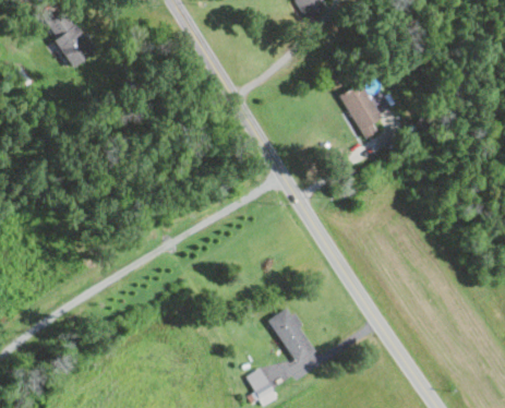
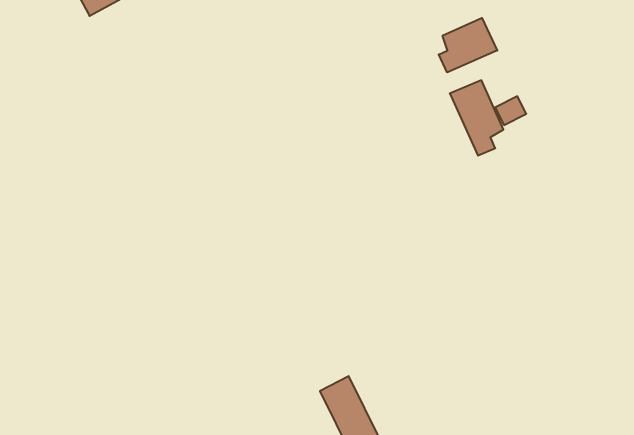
building: none -> [439,18,497,72]

